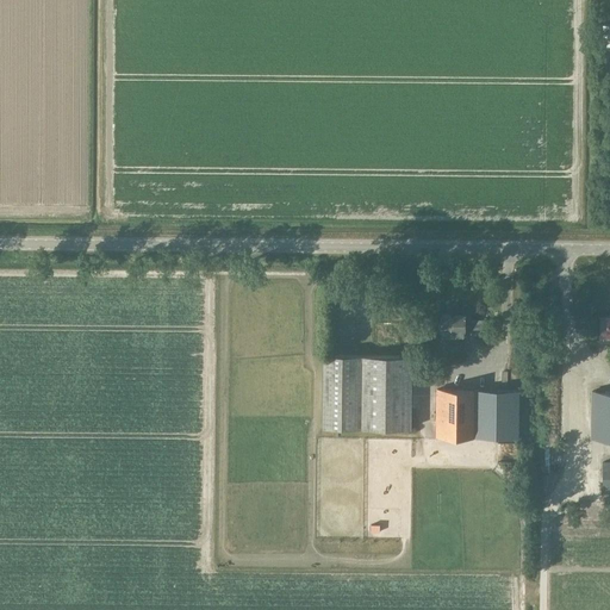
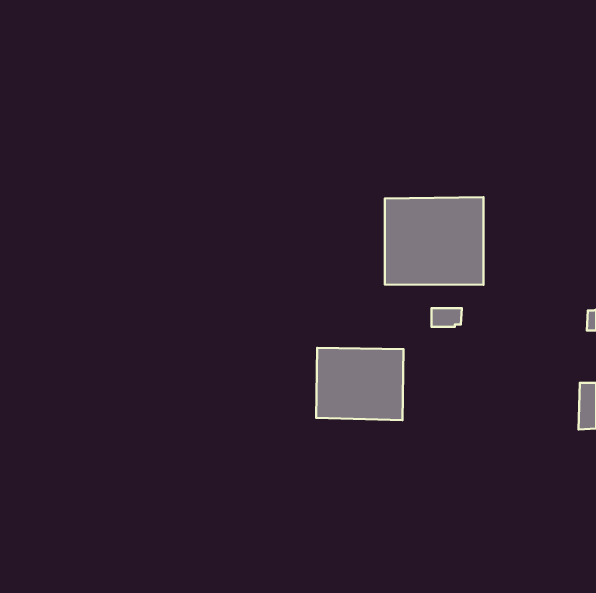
building: none -> [385,197,484,285]
building: [436,393,518,441] -> none

